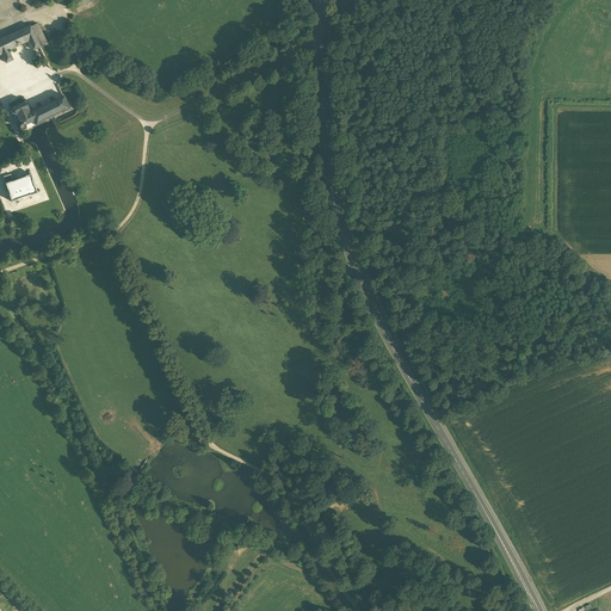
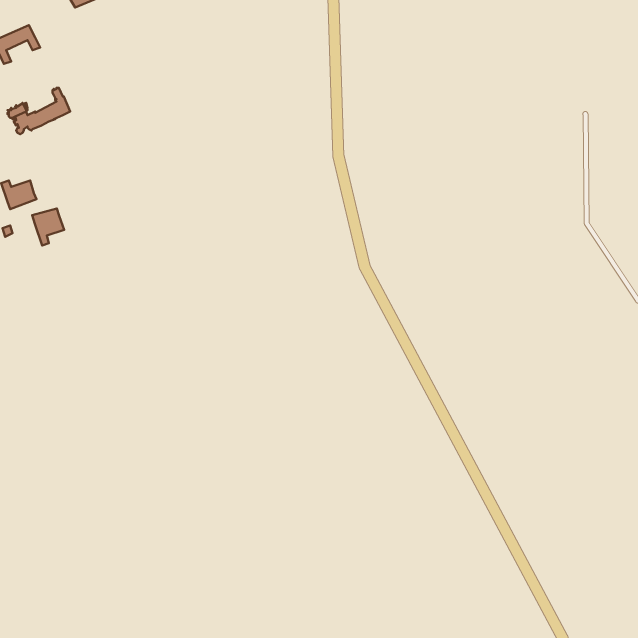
building: none -> [32,208,64,245]

